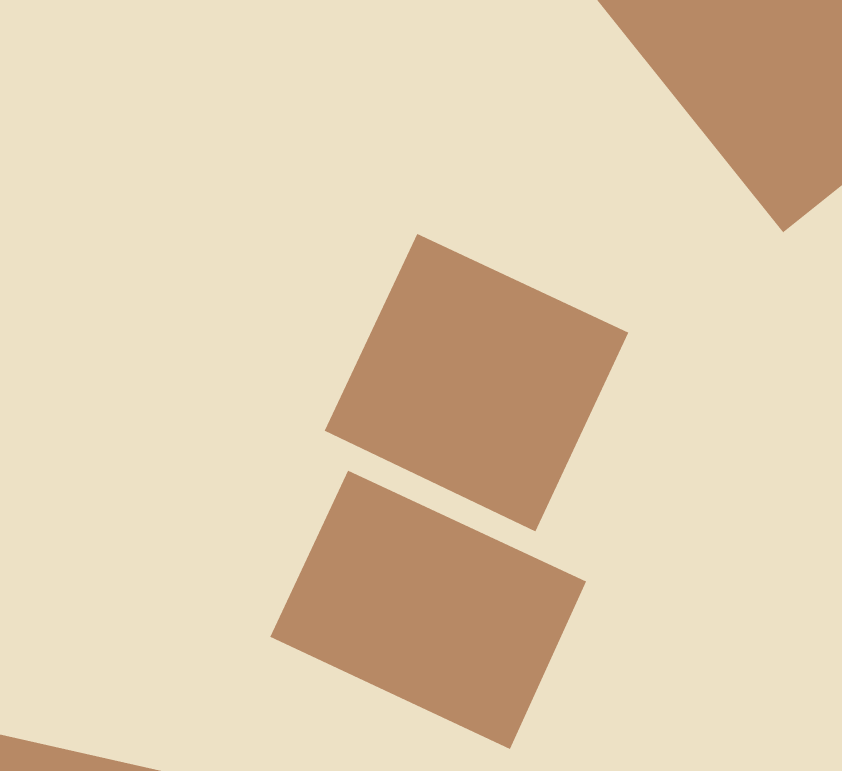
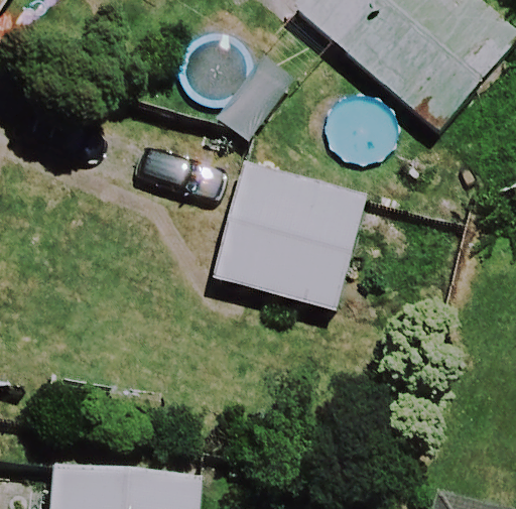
building: [269,470,587,750] -> none

